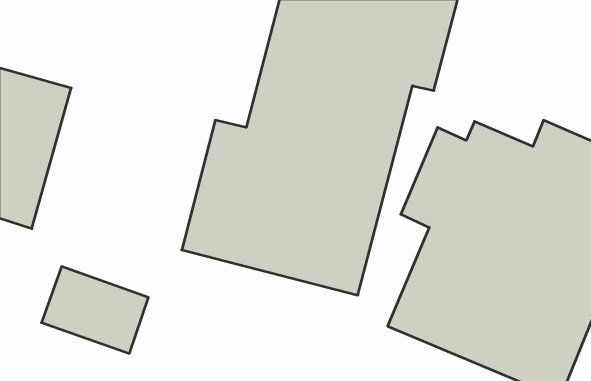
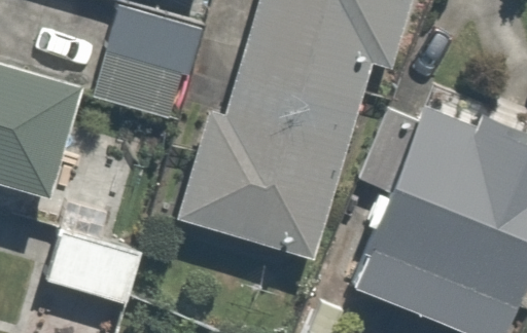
building: none -> [94,6,203,121]

